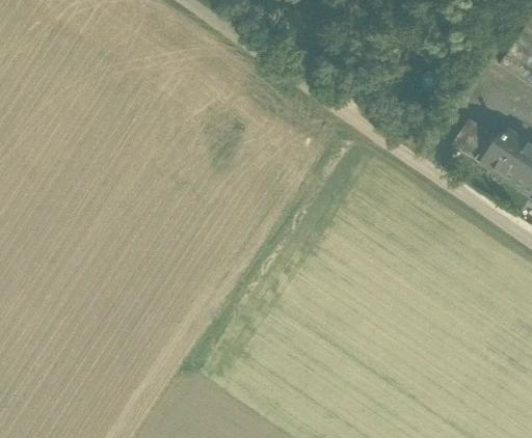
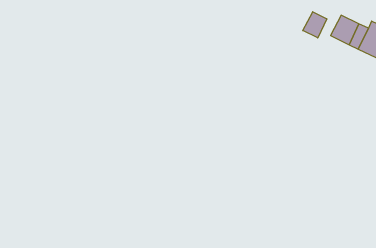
building: none -> [303,12,327,38]

